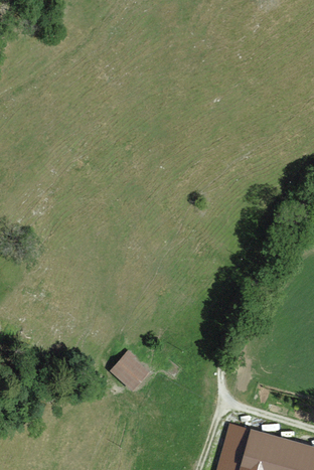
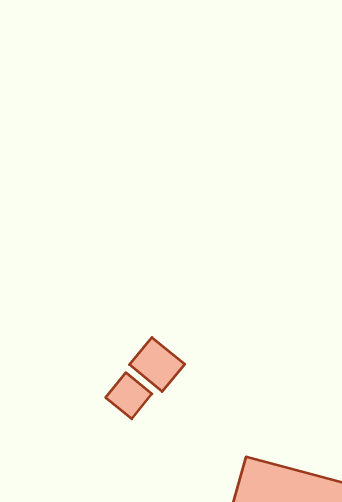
building: none -> [129,337,185,392]

